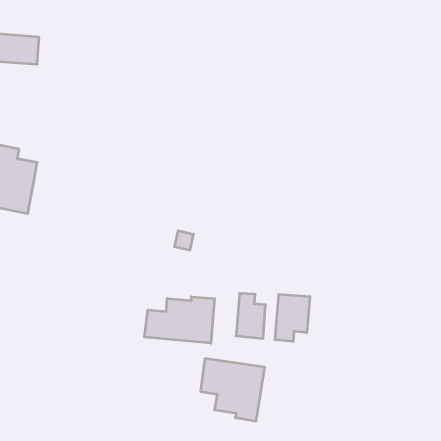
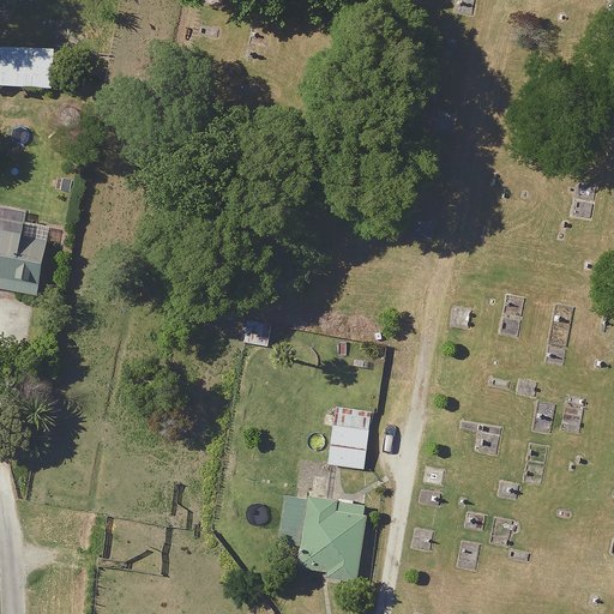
building: [275,294,310,342] -> none
building: [145,297,215,343] -> none

